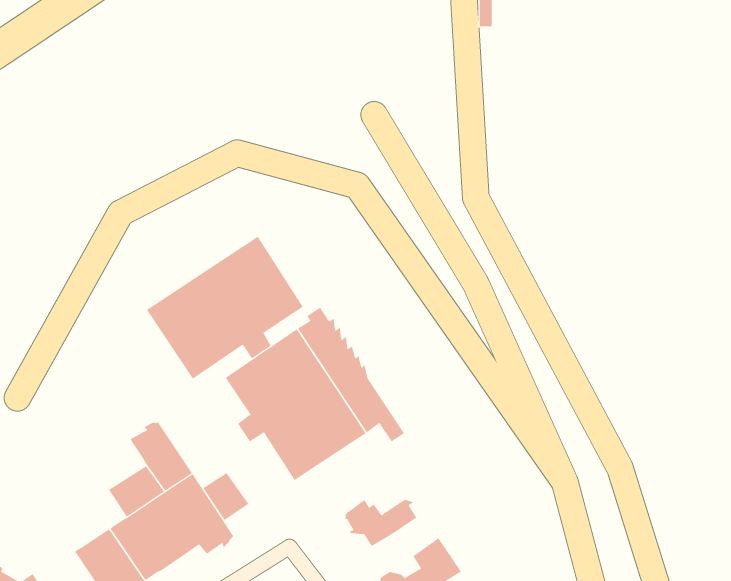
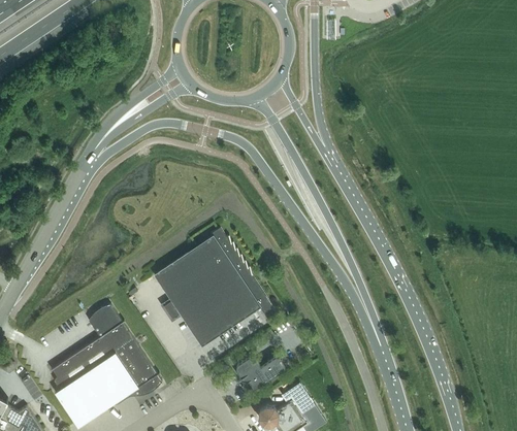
building: [146,236,304,379] -> none
building: [202,472,249,521] -> none
building: none -> [51,351,89,389]

